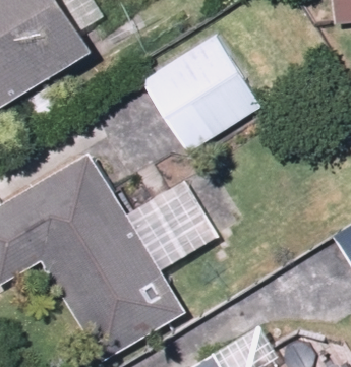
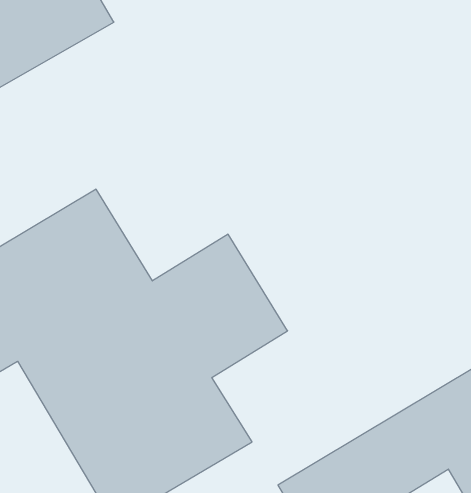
building: [139,37,258,154] -> none

